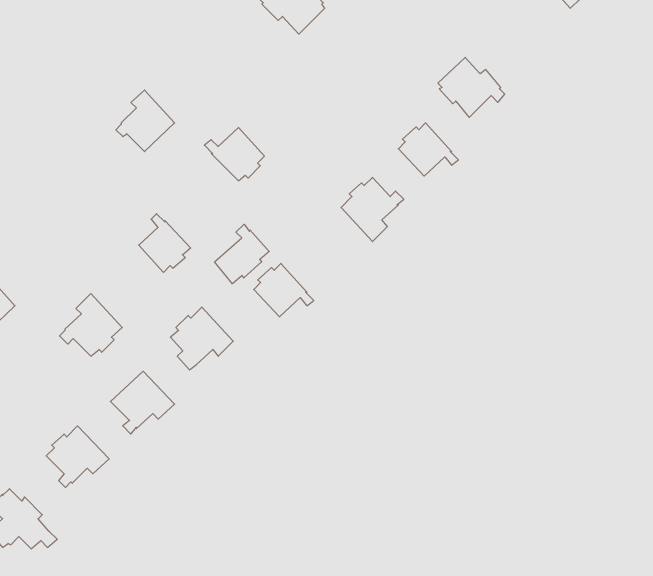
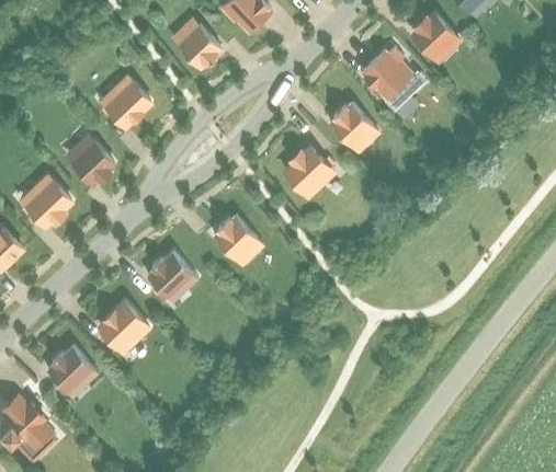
building: none -> [412,15,459,57]
building: [204,128,264,181] -> [172,25,220,68]
building: [139,214,191,272] -> [72,137,114,184]
building: [215,224,269,284] -> none
building: [60,294,122,356] -> [21,175,71,226]

